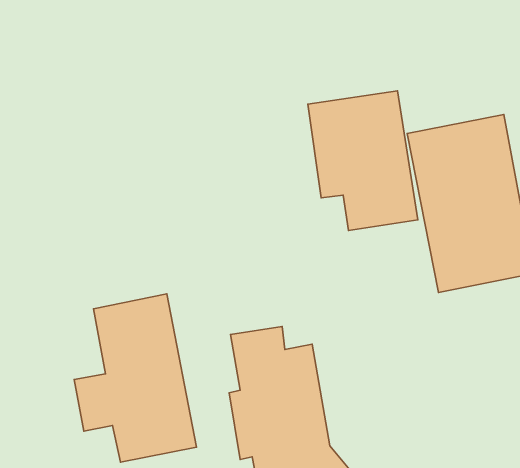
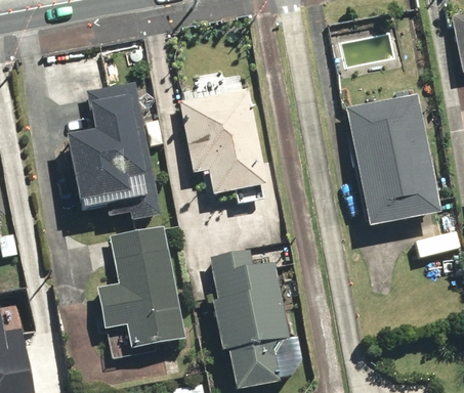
building: [308,91,418,231] -> [182,90,265,195]
building: none -> [67,83,163,222]

